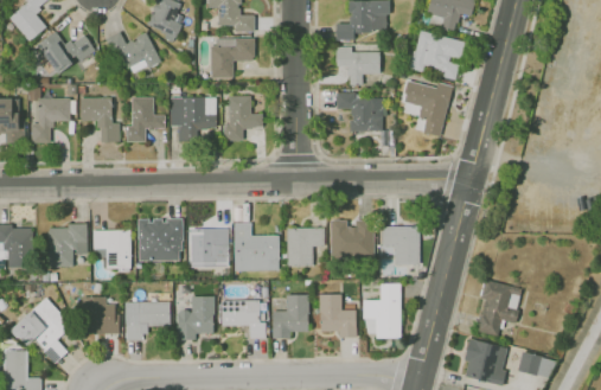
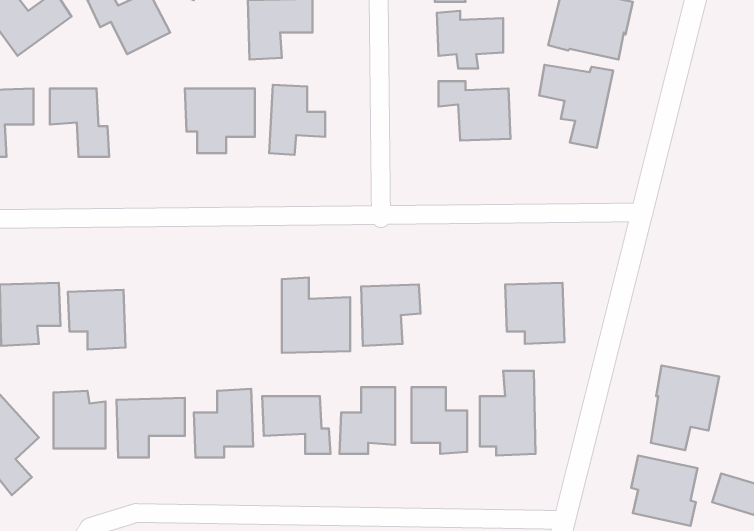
building: [127,97,165,142] -> none
building: [138,218,181,261] -> none
building: [330,219,373,258] -> none
building: [190,229,228,267] -> none

